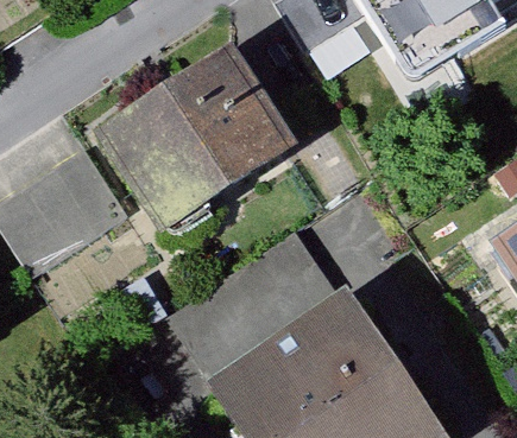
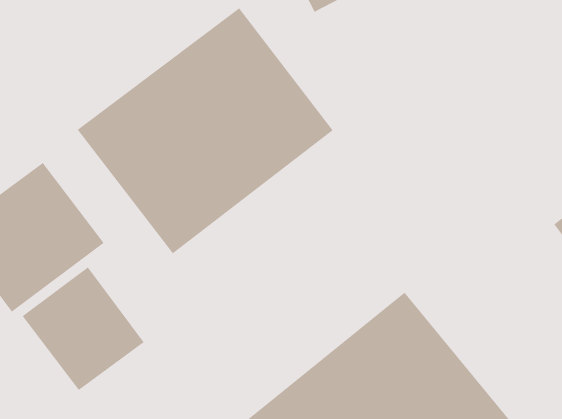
building: [170,233,332,373] -> none
building: none -> [22,267,144,391]

